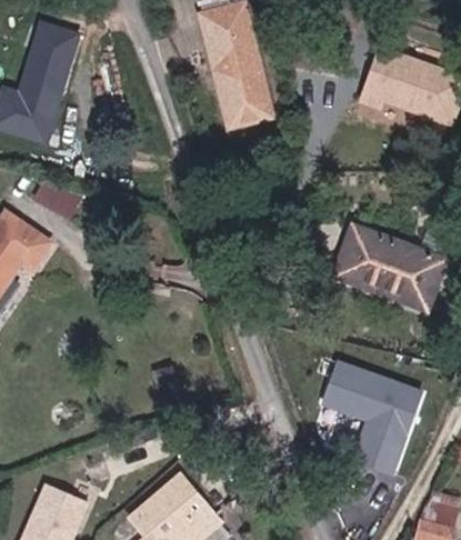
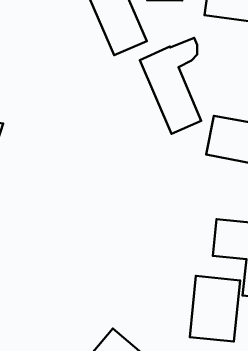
building: none -> [140,38,201,134]
building: none -> [190,276,240,342]

